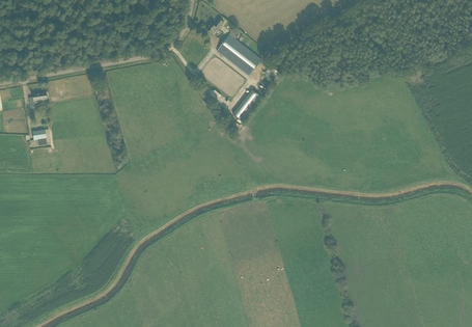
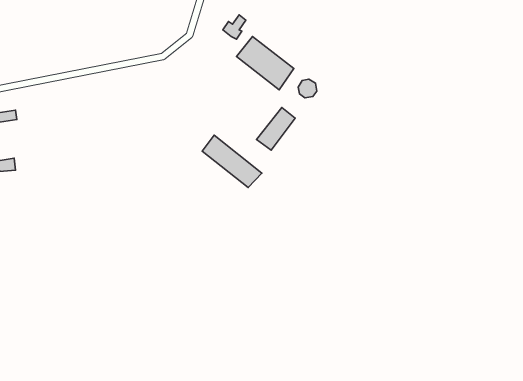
building: none -> [202,135,262,188]

